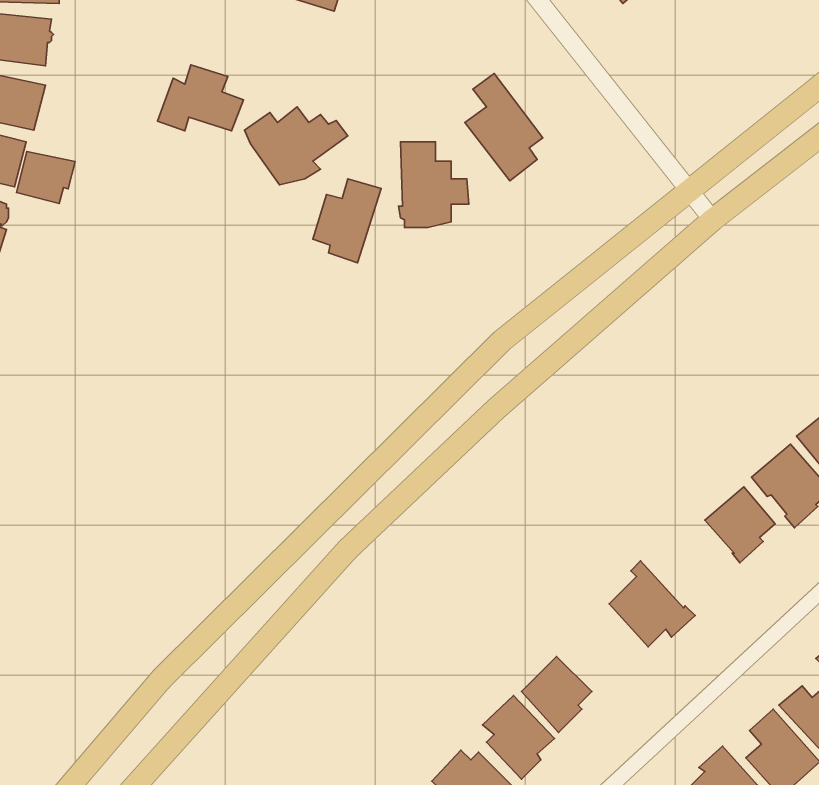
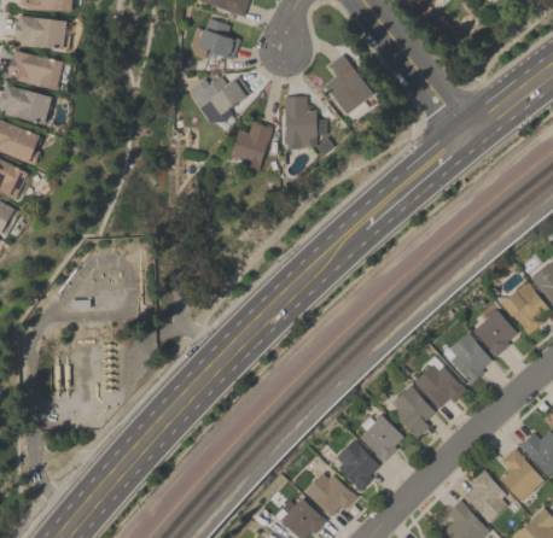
building: [158,65,243,131] -> [187,18,240,59]
building: [16,151,75,204] -> none
building: none -> [443,333,491,385]
building: none -> [392,385,436,438]

